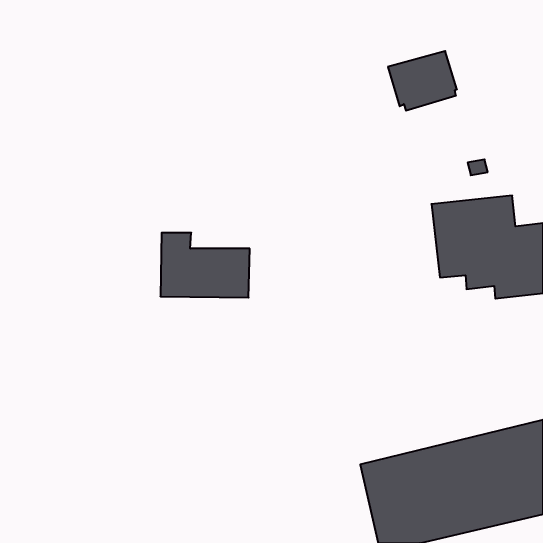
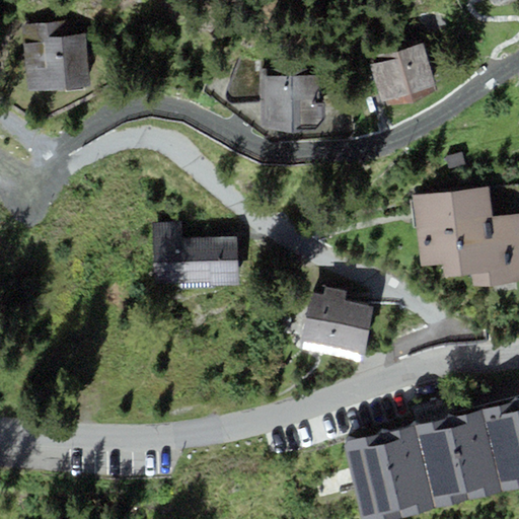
building: none -> [22,19,90,89]
building: none -> [261,76,324,130]
building: none -> [299,287,373,360]

